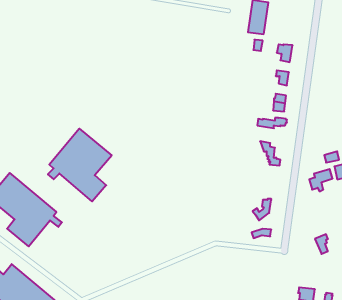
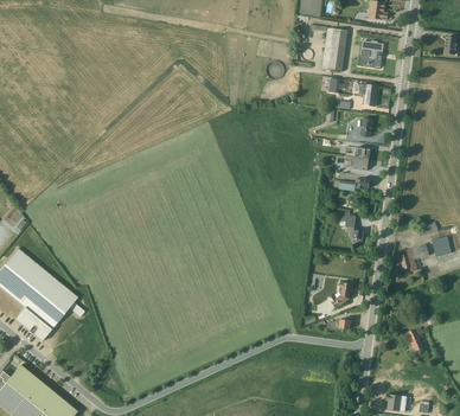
building: none -> [358,40,383,68]
building: [48,129,112,201] -> none

